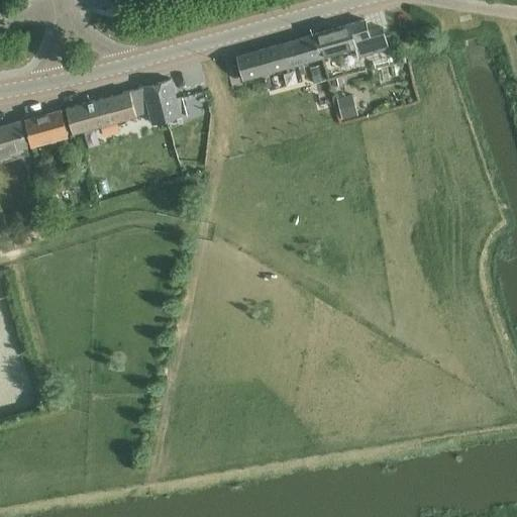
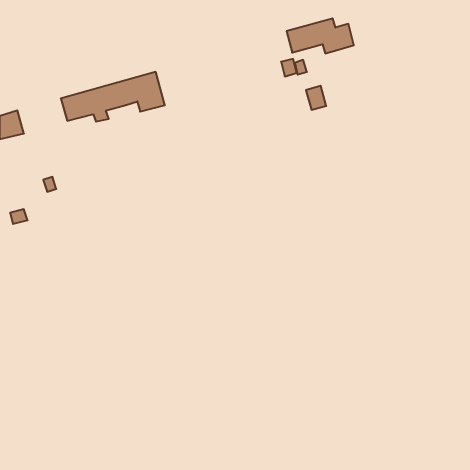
building: [238,35,320,80] -> none
building: [24,111,67,145] -> none

